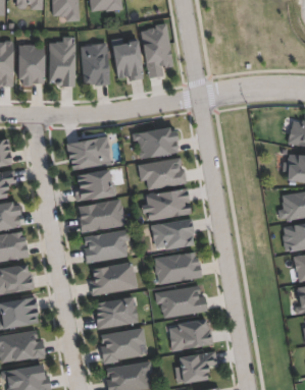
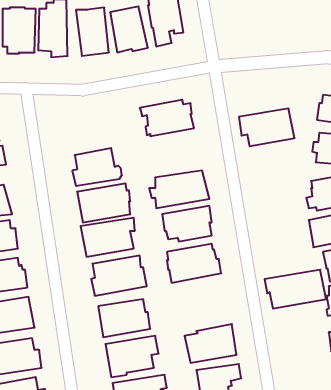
building: [69,134,114,167] -> none
building: [141,155,189,187] -> [239,109,295,146]
building: [158,283,211,317] -> [265,270,326,309]

